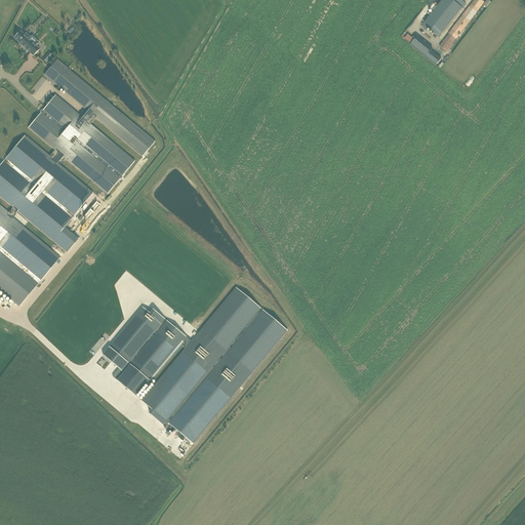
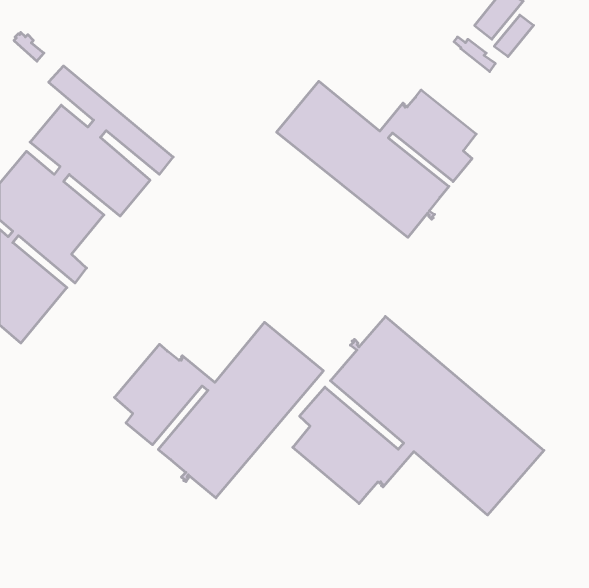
building: none -> [277,81,476,237]
building: none -> [293,316,544,515]

